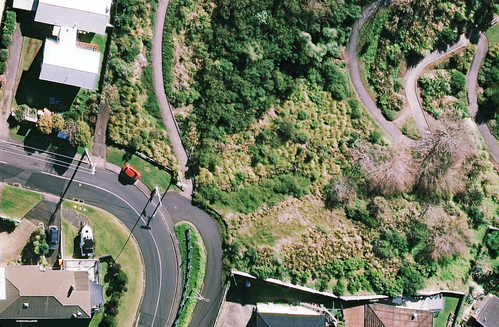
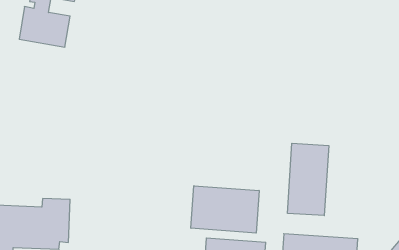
building: none -> [288,143,329,216]
building: none -> [191,186,259,233]

